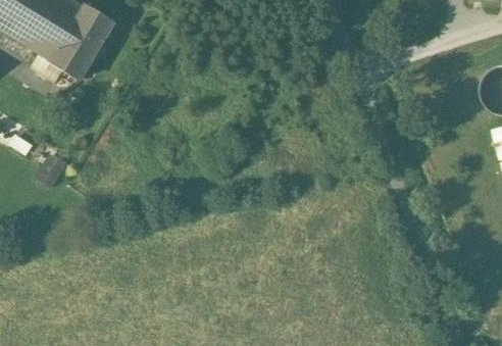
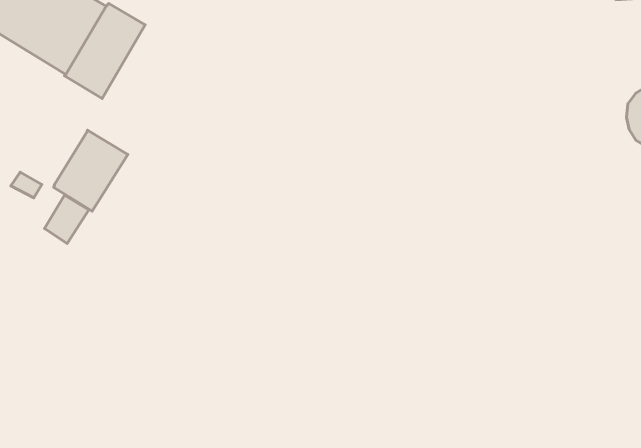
building: none -> [54,130,128,211]

